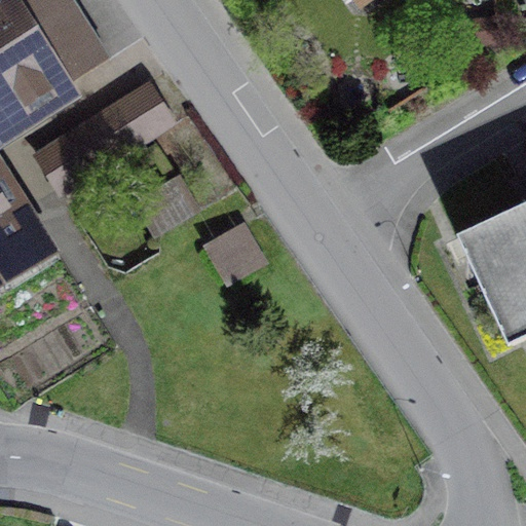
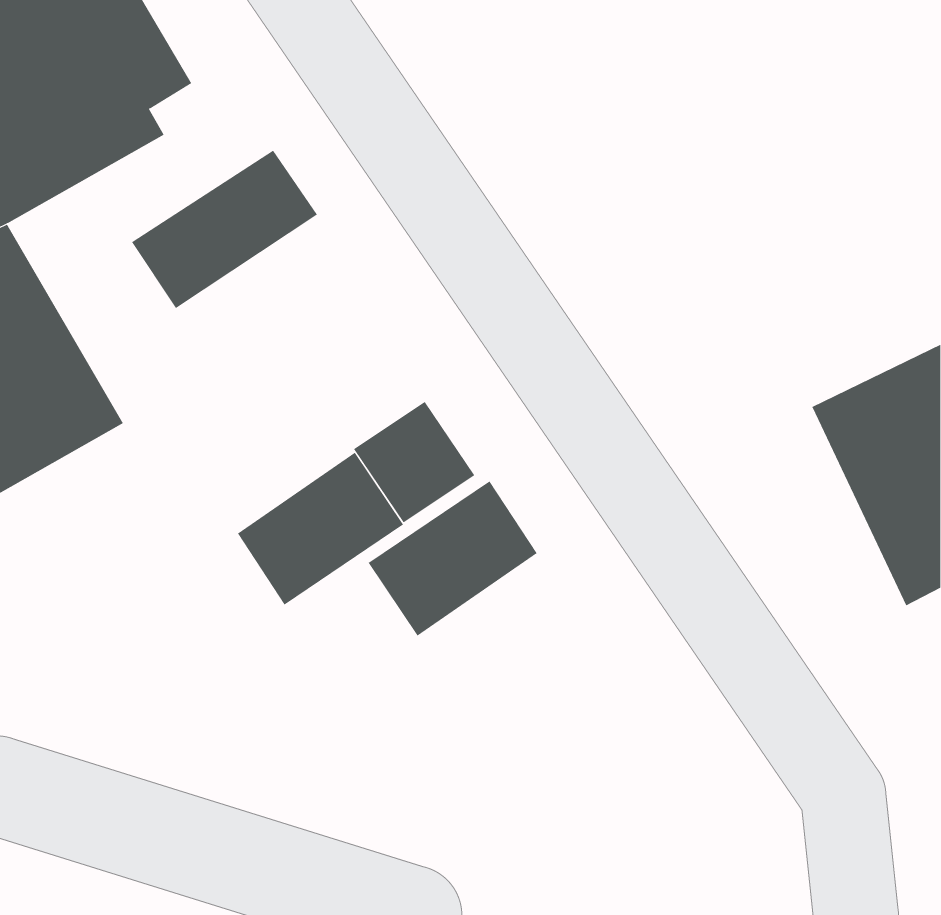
building: none -> [237,452,404,605]
building: none -> [368,481,537,636]

